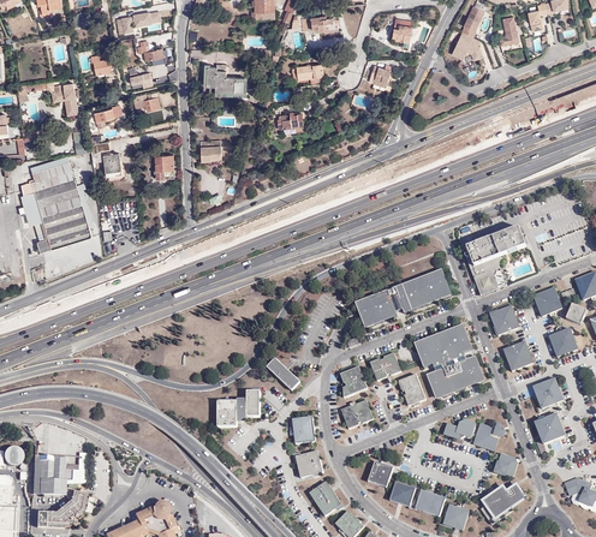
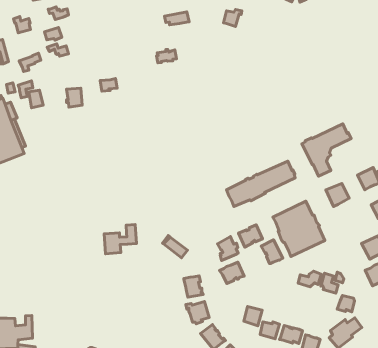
building: [205,62,246,94] -> none
building: [502,340,532,371] -> none
building: [217,390,260,426] -> [104,225,136,254]

